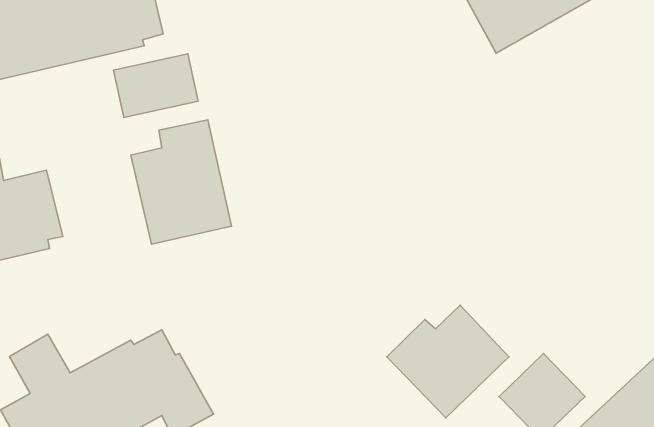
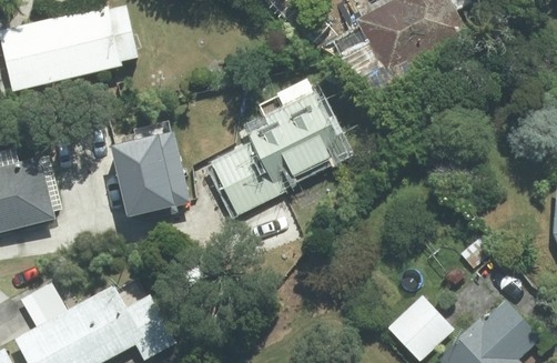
building: [113,54,198,118] -> none
building: none -> [206,77,346,218]
building: [387,305,509,418] -> none

